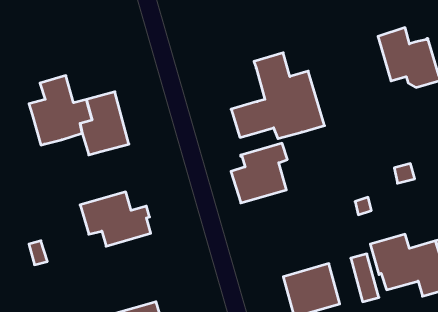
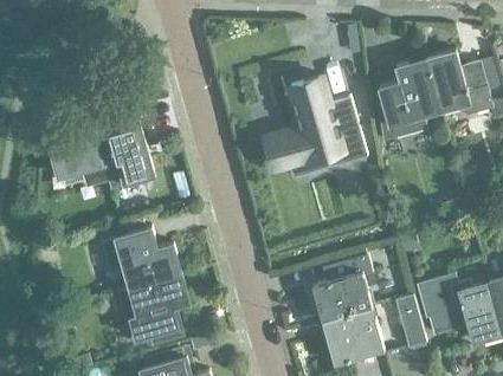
building: none -> [380,59,441,143]
building: [231,143,287,203] -> [312,255,374,320]
building: none -> [120,273,191,345]

